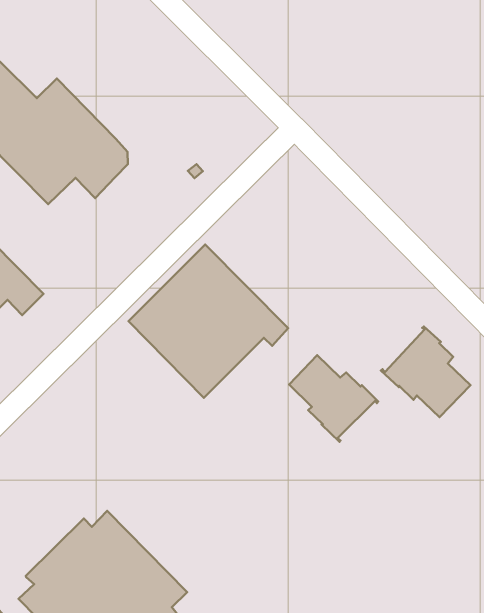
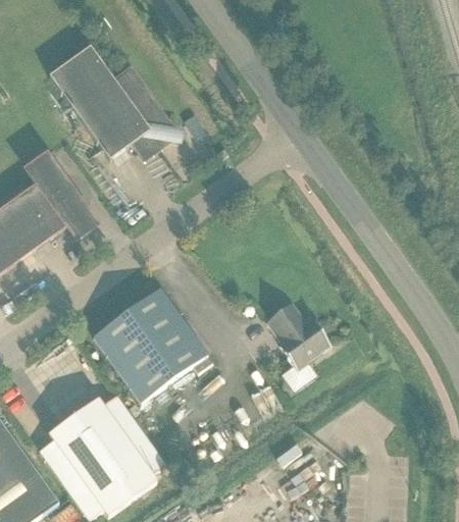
building: [129,245,288,398] -> [93,288,211,402]
building: [381,326,471,417] -> none

